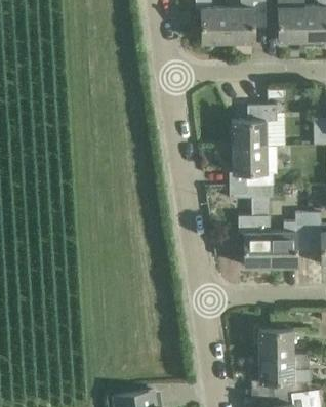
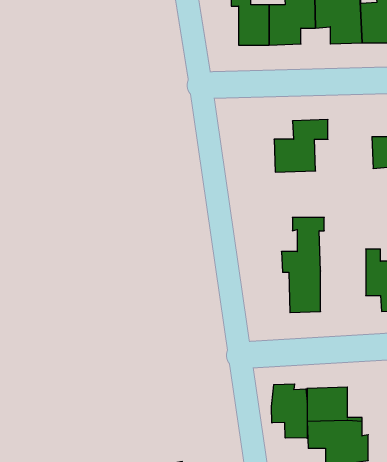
building: [232,148,273,187] -> none
building: [270,213,308,266] -> none
building: none -> [271,384,307,438]

